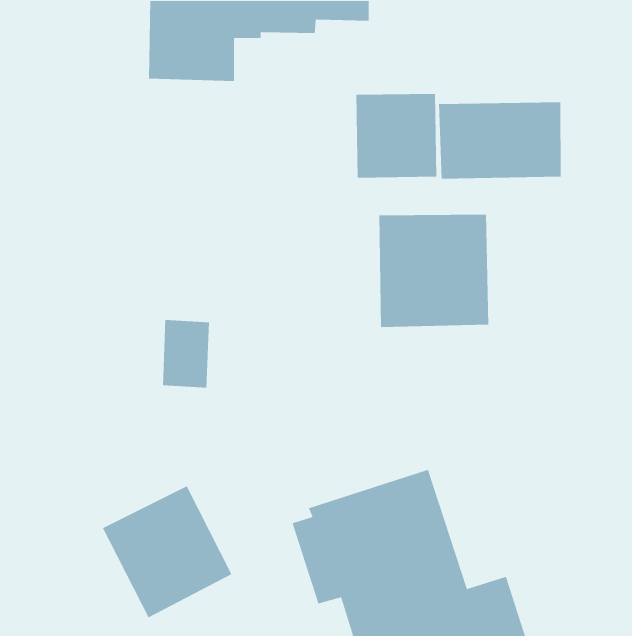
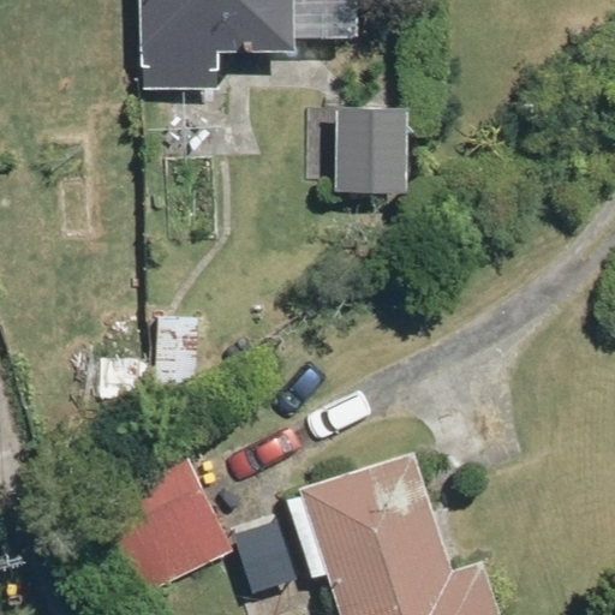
building: [438,102,562,180] -> none
building: [378,214,489,328] -> none

